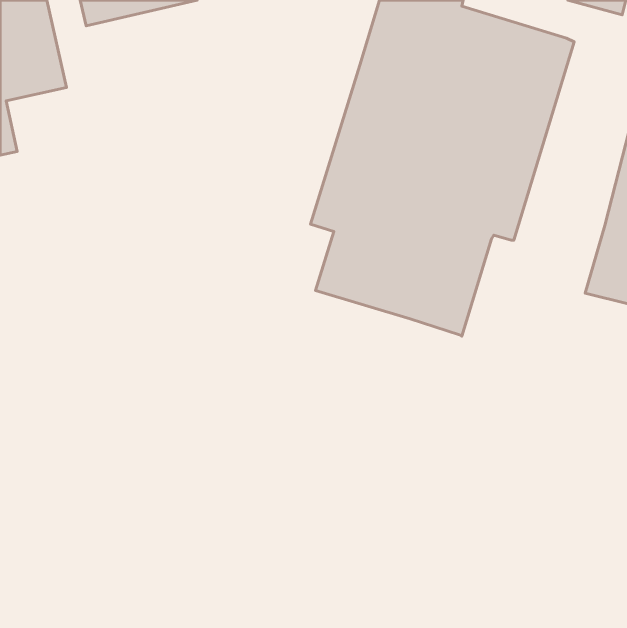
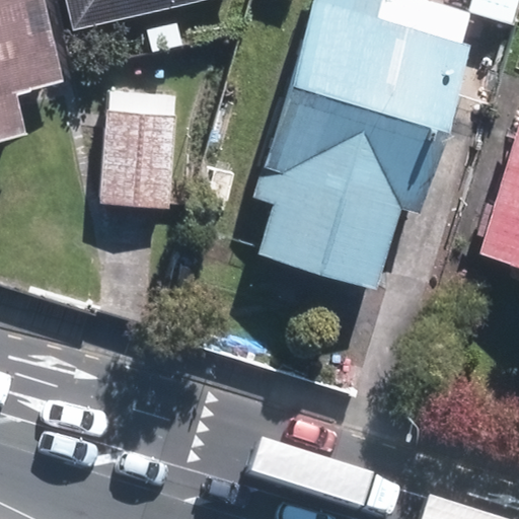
building: none -> [99,106,175,205]

